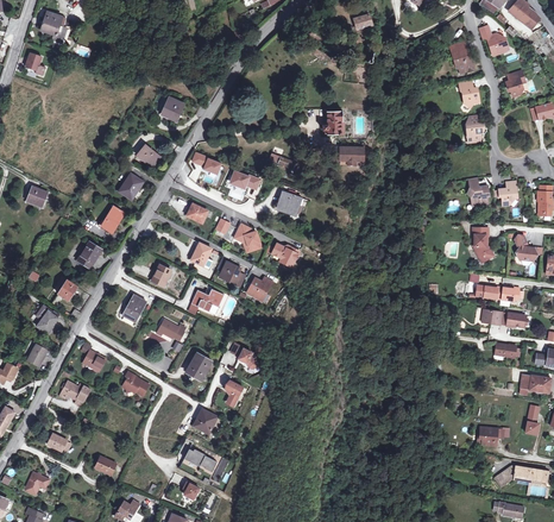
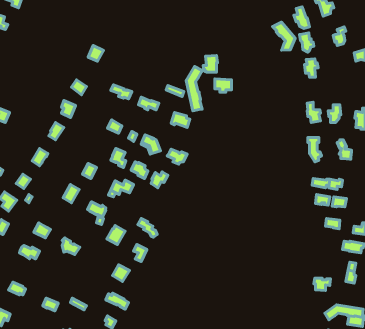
building: none -> [272,22,295,50]
building: none -> [186,66,202,111]

